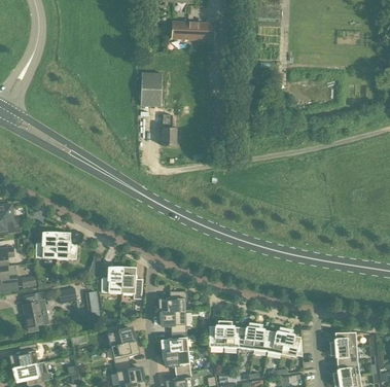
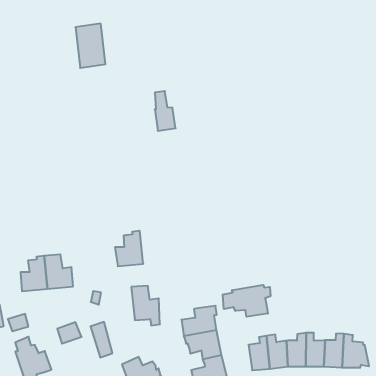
building: [140,73,162,106] -> [75,24,105,68]
building: [100,267,121,293] -> [115,231,143,266]
building: none -> [223,285,270,317]

